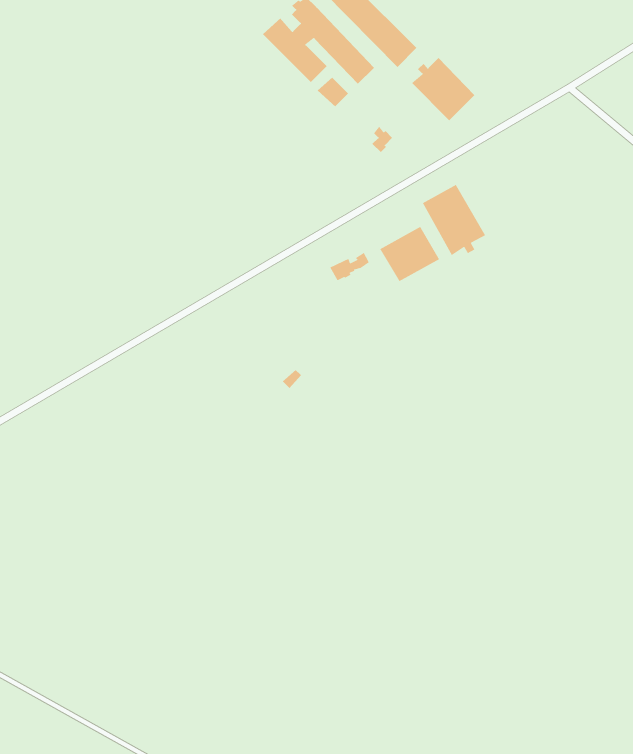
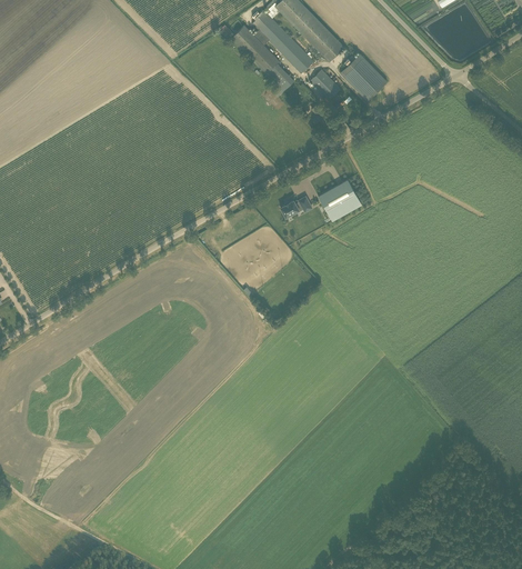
building: none -> [310,69,340,100]
building: [422,184,486,256] -> none

